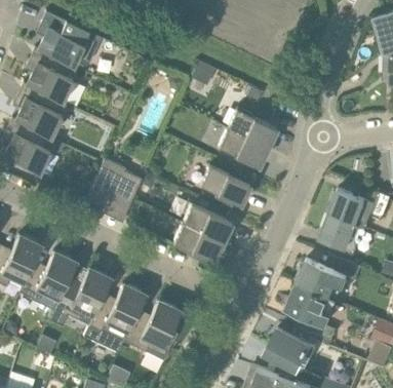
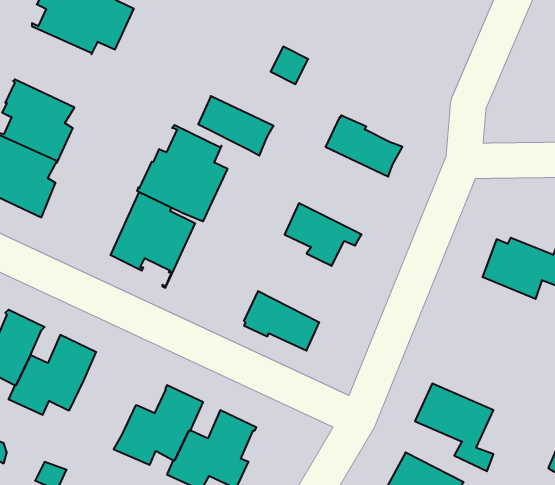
building: [23,49,73,103] -> none
building: none -> [137,125,227,221]
building: [218,128,267,167] -> [198,96,274,156]
building: [182,204,231,243] -> none
building: [318,214,363,251] -> none
building: [296,259,361,301] -> none
building: [53,268,111,320] -> none

